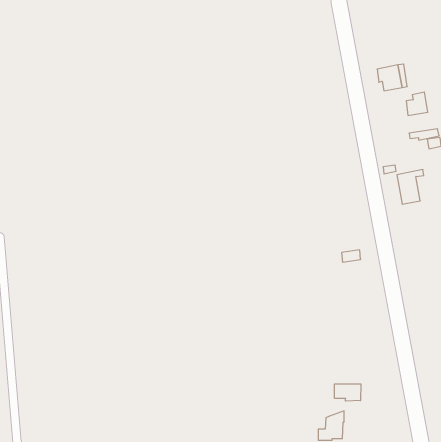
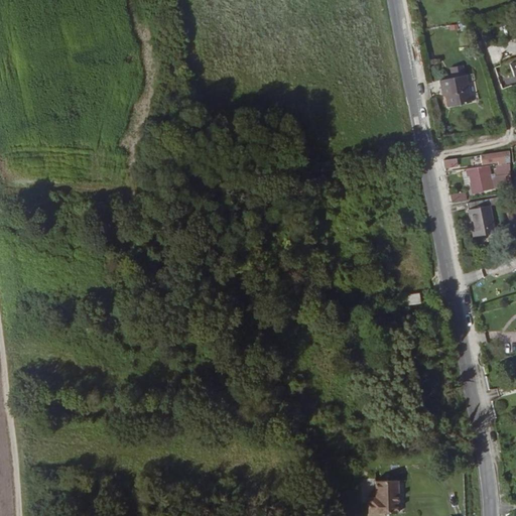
building: [406,92,428,115] -> [468,164,493,191]
building: [335,384,361,401] -> none

